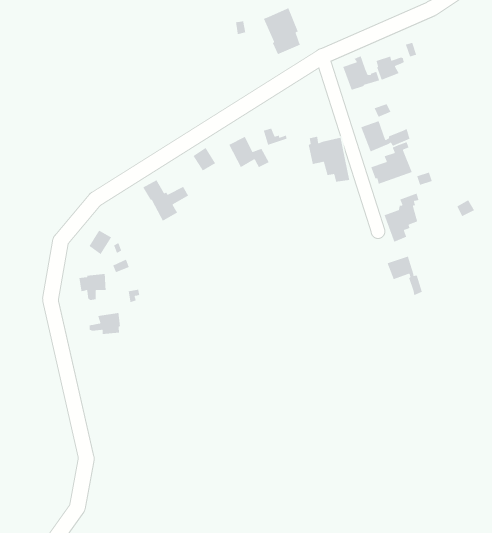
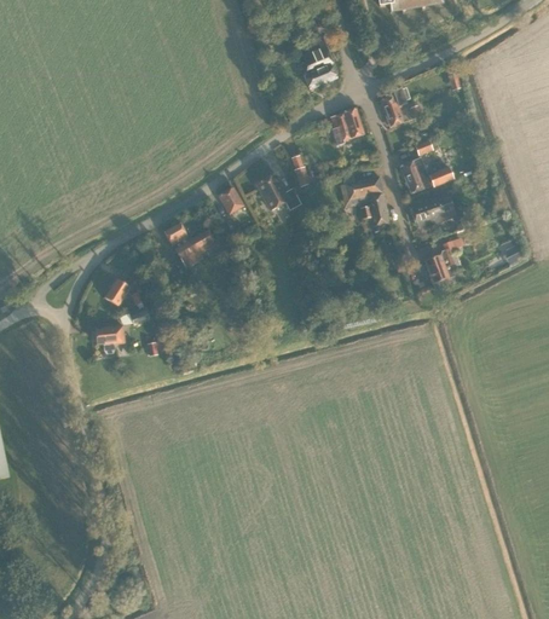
building: [375,55,405,81] -> none
building: none -> [330,108,364,144]
building: [387,256,423,296] -> none
building: [89,312,121,335] -> none

